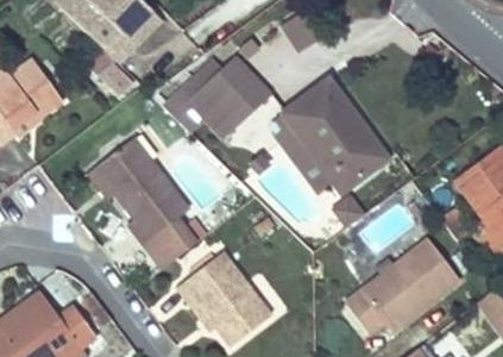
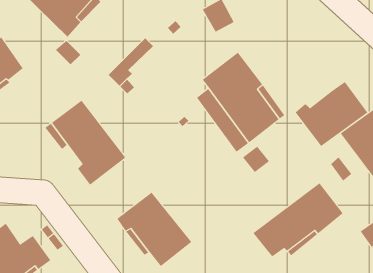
building: [193,61,266,136] -> none
building: none -> [295,81,368,147]
building: [146,220,209,269] -> none

